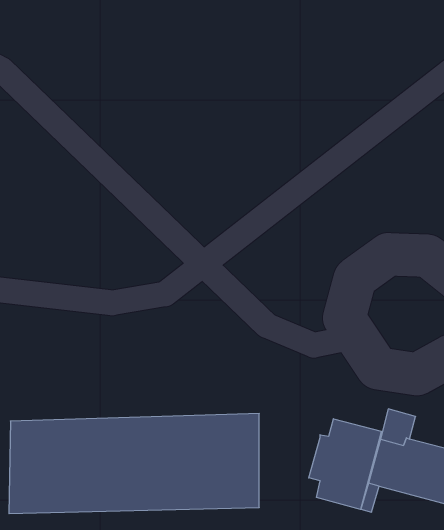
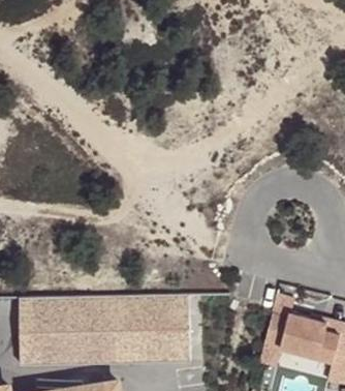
building: [309,419,381,509] -> none

